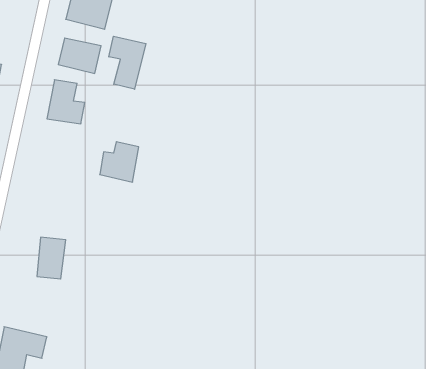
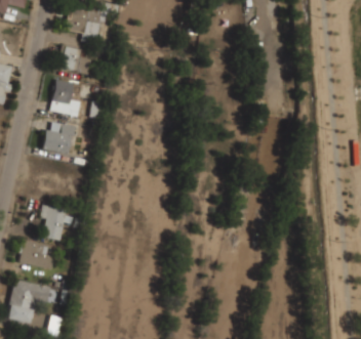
building: [109,36,146,89] -> none
building: [100,142,139,182] -> [42,121,74,154]
building: none -> [17,241,54,270]

